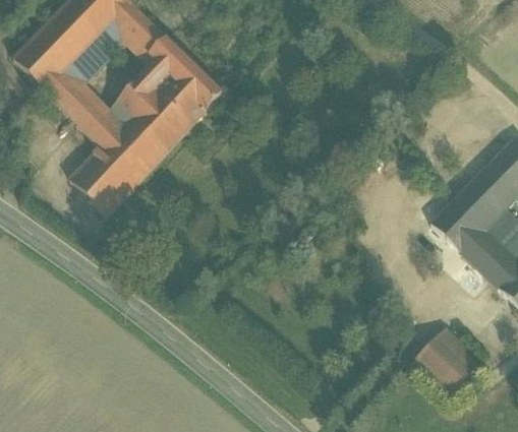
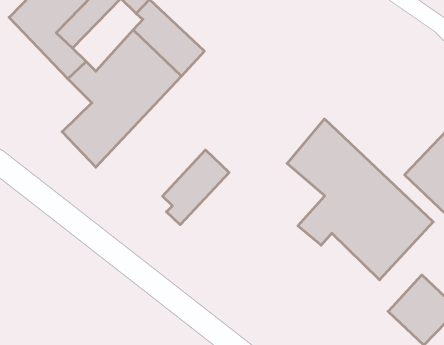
building: none -> [287,119,433,280]
building: none -> [163,150,229,225]

